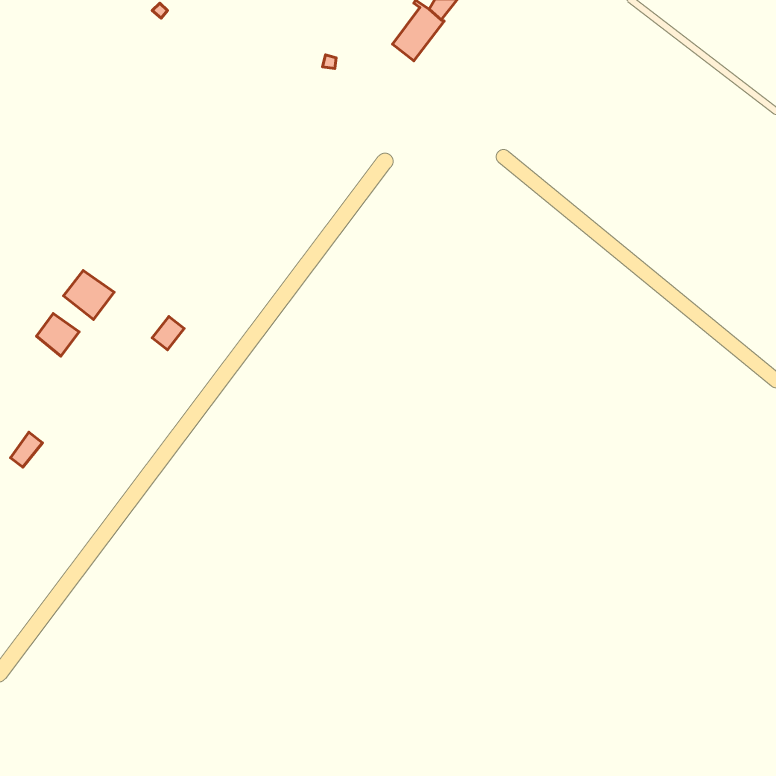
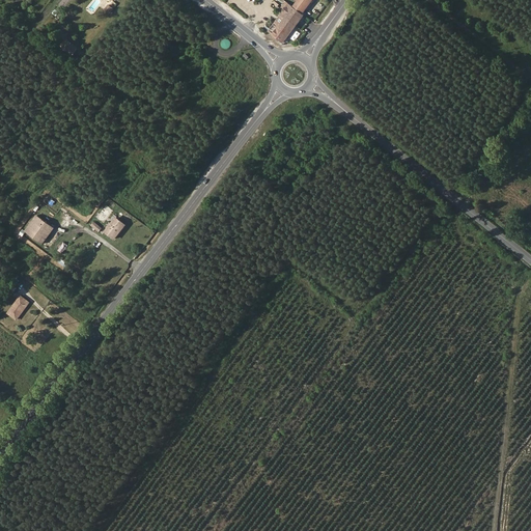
building: [64,270,114,319] -> none

